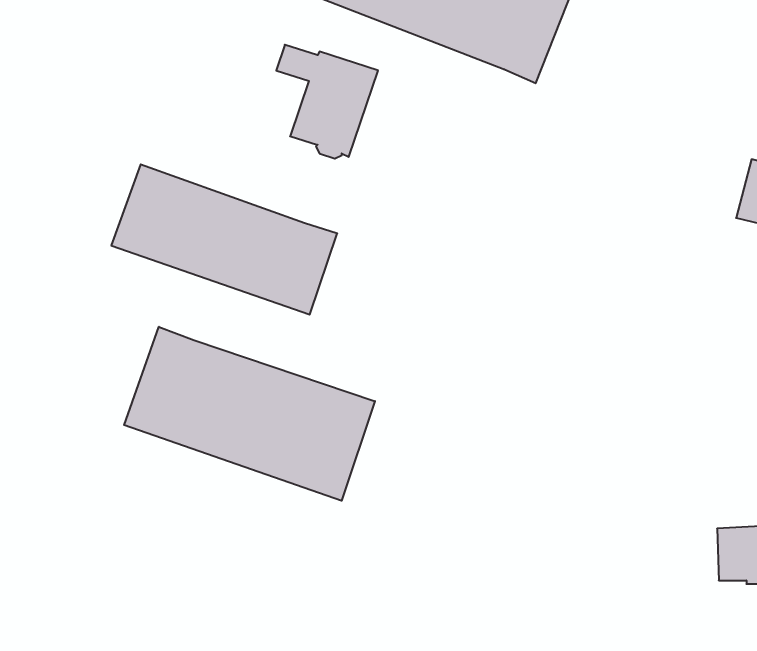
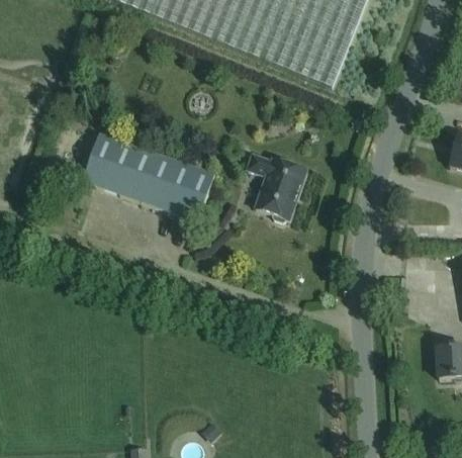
building: [276,45,378,159] -> [247,153,306,219]
building: [124,327,375,501] -> none

